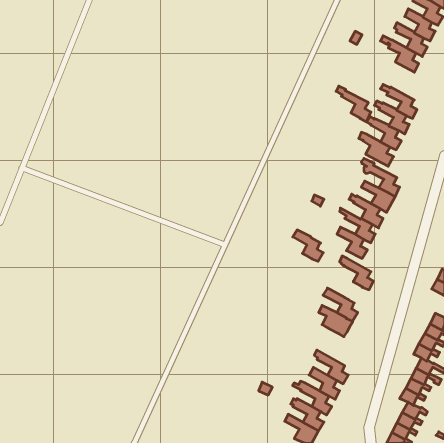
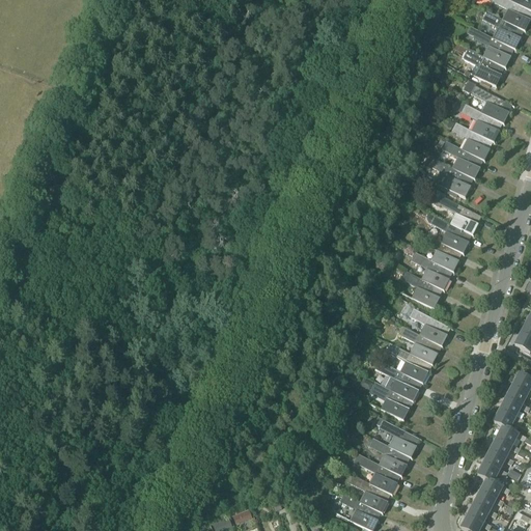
building: [336,86,371,122] -> [466,81,507,123]
building: [293,230,323,261] -> [400,327,437,364]
building: none -> [360,378,408,420]

